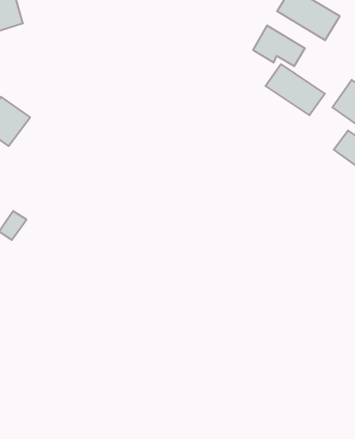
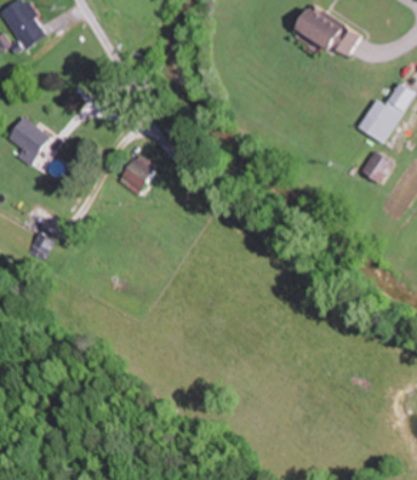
building: [253,25,305,66] -> none
building: [265,64,325,115] -> none
building: none -> [116,152,158,195]

